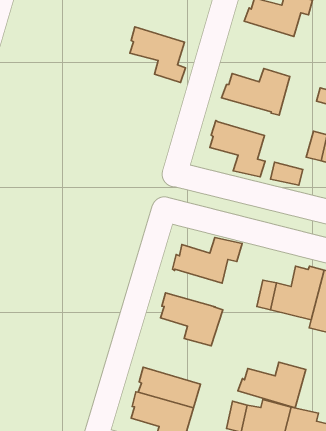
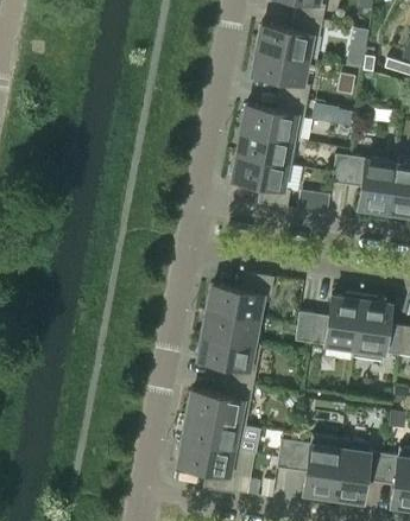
building: [130,27,185,82] -> [252,50,310,102]
building: none -> [236,131,291,165]
building: none -> [201,311,258,345]
building: [238,362,306,408] -> [185,381,253,426]

